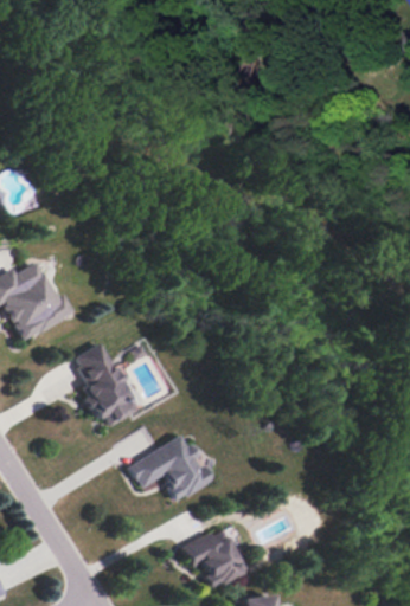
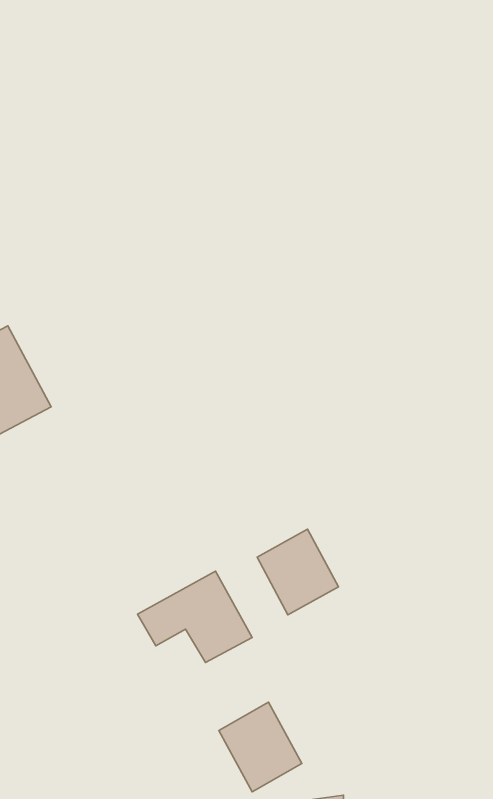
building: [71,342,137,425] -> none
building: none -> [257,529,338,615]

